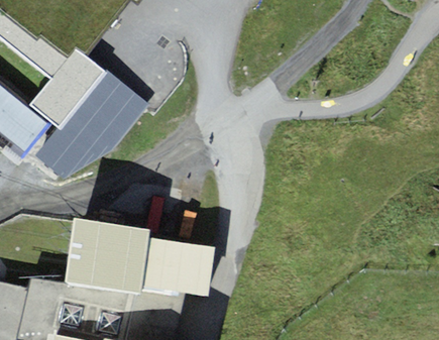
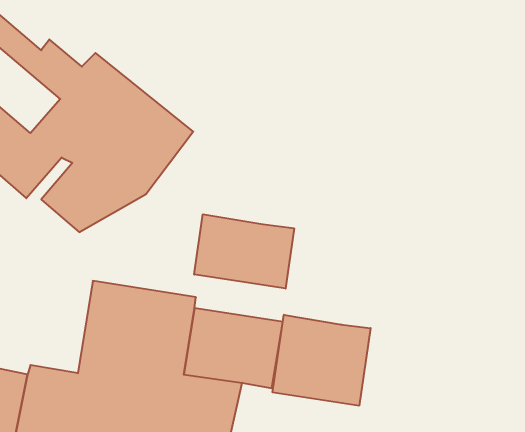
building: none -> [194,214,294,289]
building: none -> [273,315,371,406]

